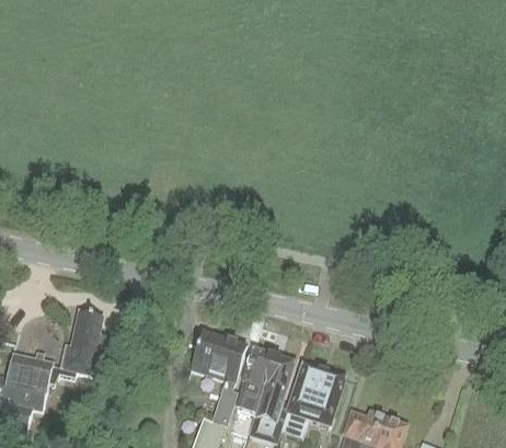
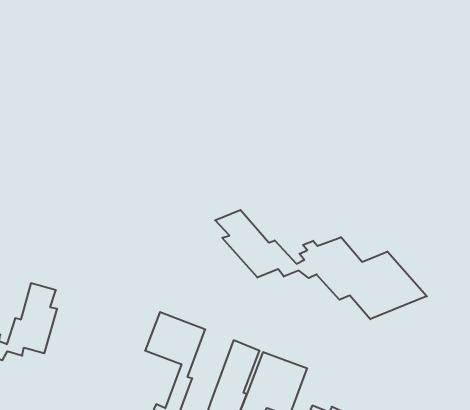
building: none -> [215,210,427,319]
building: [237,347,274,414] -> none

